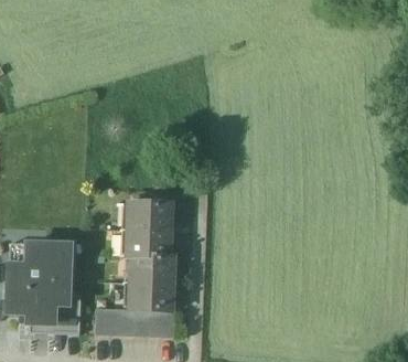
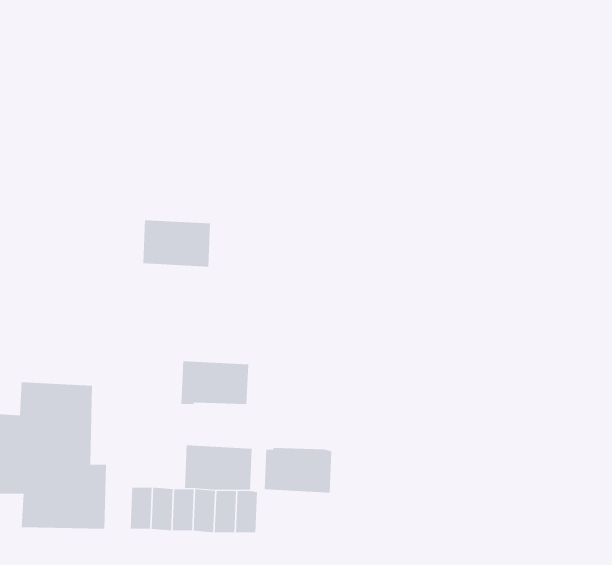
building: [127,201,170,231] -> [142,220,211,267]
building: [129,255,172,284] -> [264,448,332,493]

